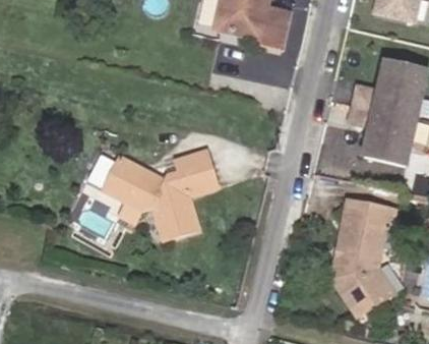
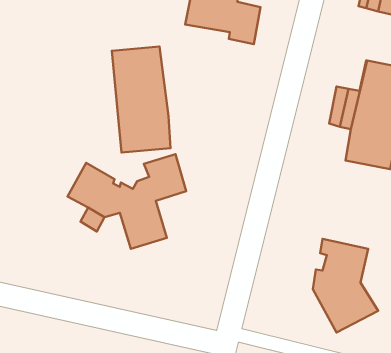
building: none -> [112,46,171,153]
building: [343,200,397,237] -> none

